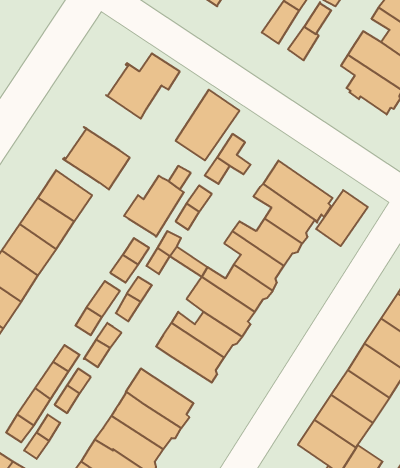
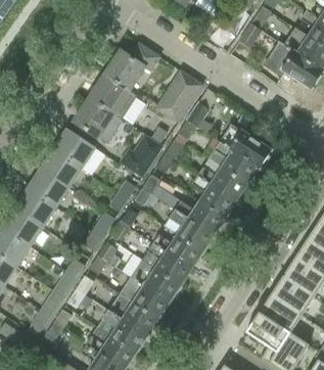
building: none -> [88,75,137,121]
building: [316,190,368,246] -> none
building: none -> [130,260,182,302]

